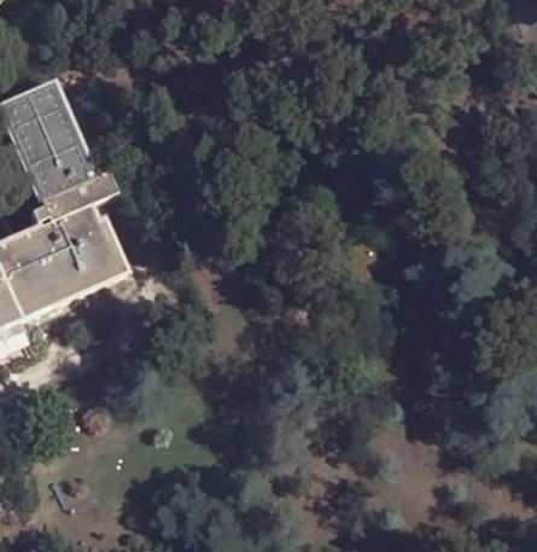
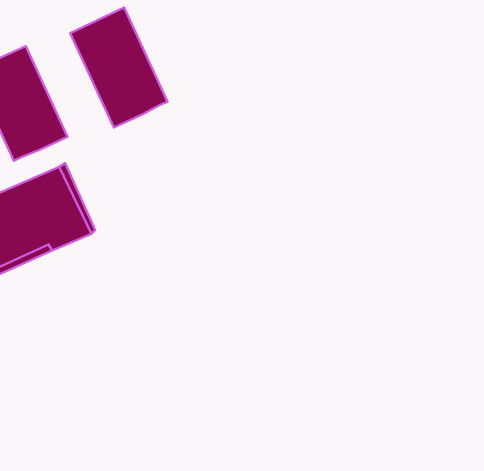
building: none -> [70,7,168,127]

